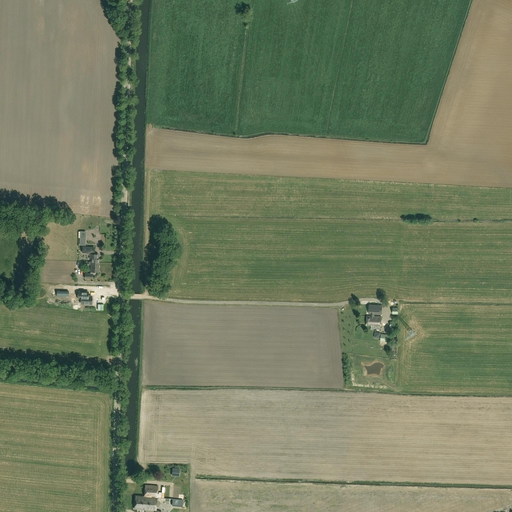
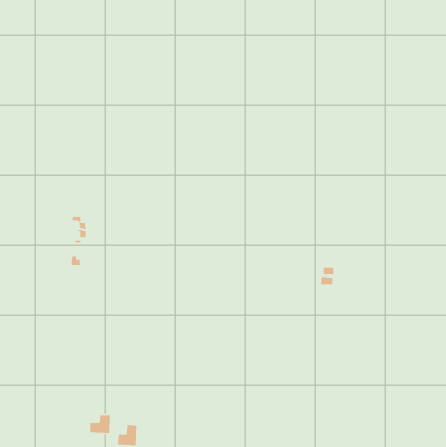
building: none -> [90,414,111,434]

